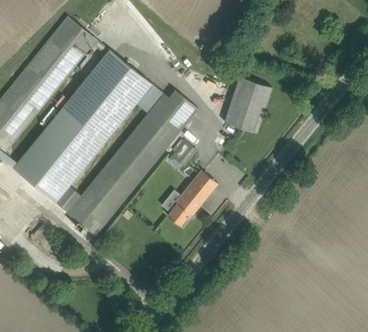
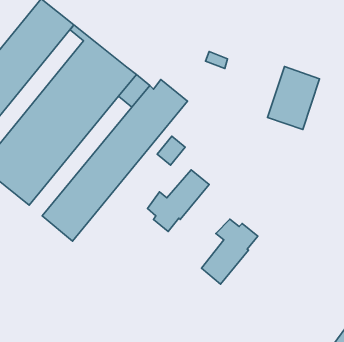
building: [224,77,271,134] -> [268,67,320,129]
building: none -> [202,219,258,284]

